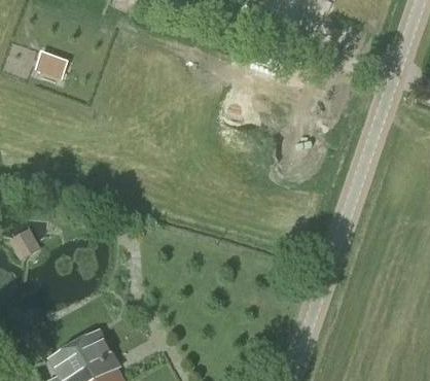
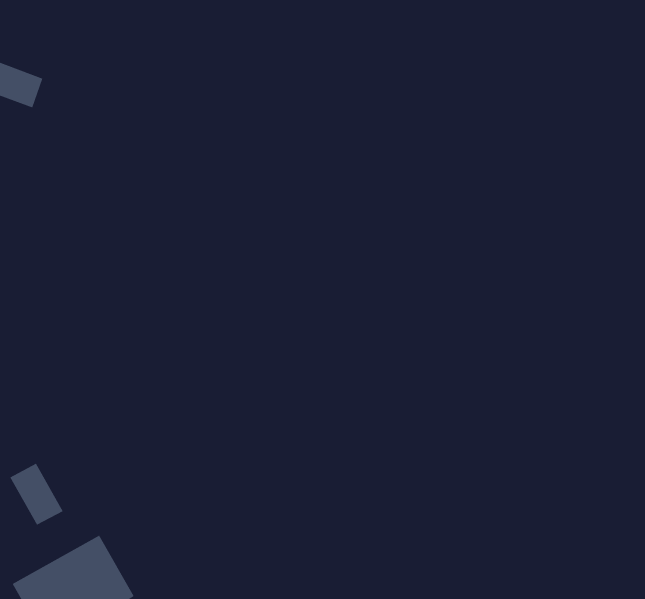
building: none -> [10,463,63,526]

